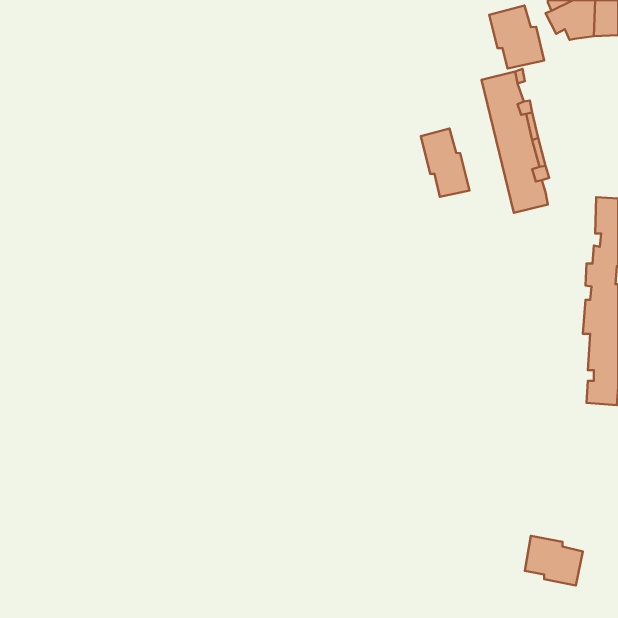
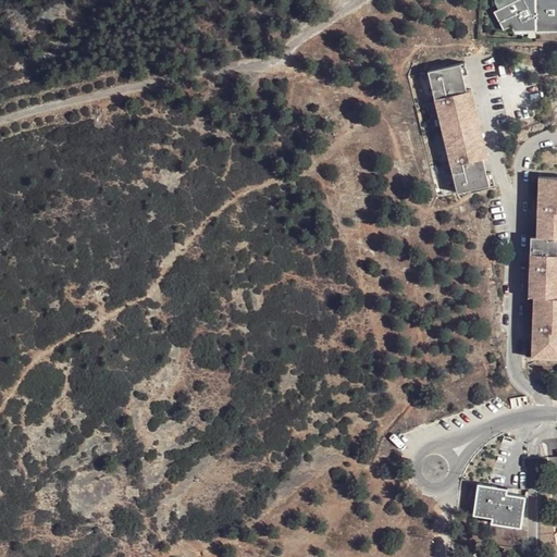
building: [489,5,544,69] -> none
building: [421,128,470,197] -> none

